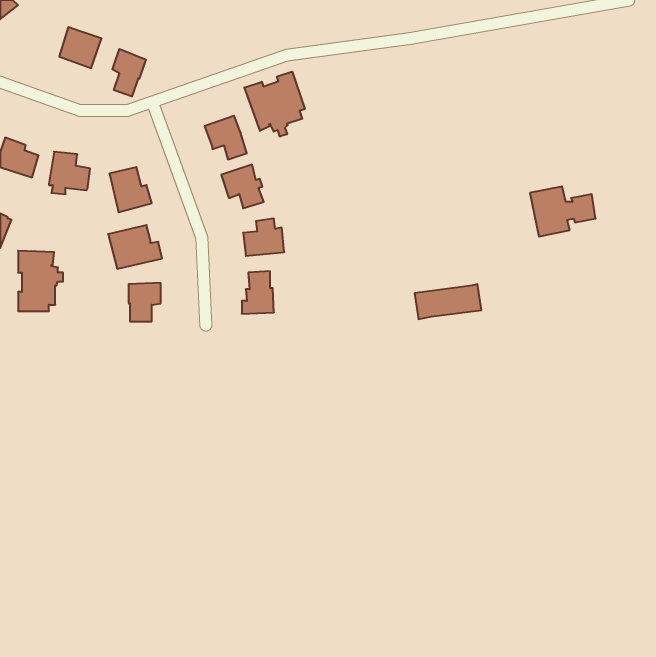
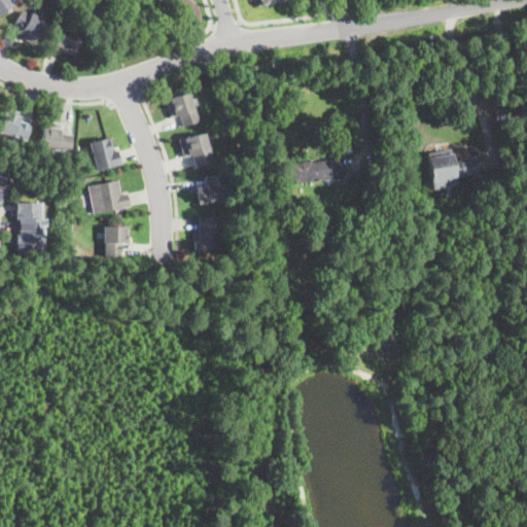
building: none -> [13,8,47,45]
building: [112,49,146,96] -> none
building: [244,72,305,137] -> none
building: [415,284,481,319] -> [291,157,345,185]

